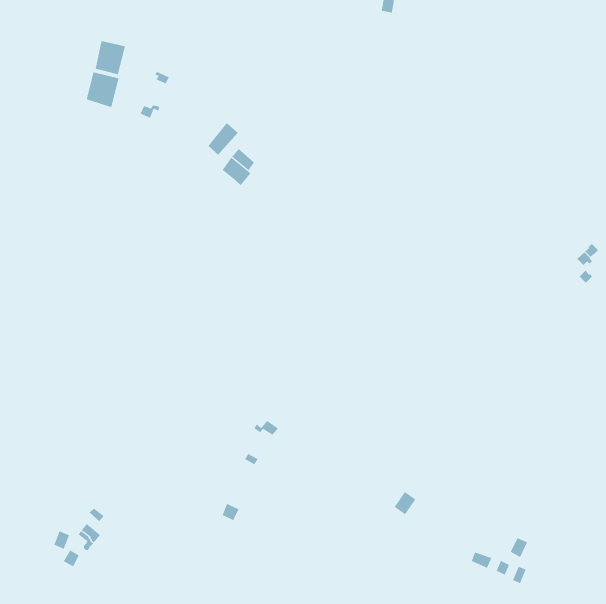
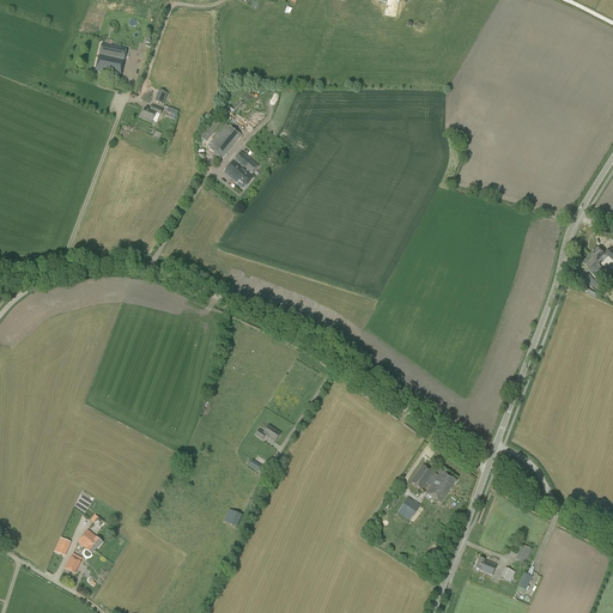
building: [86,71,119,108] -> none
building: none -> [411,462,456,500]

